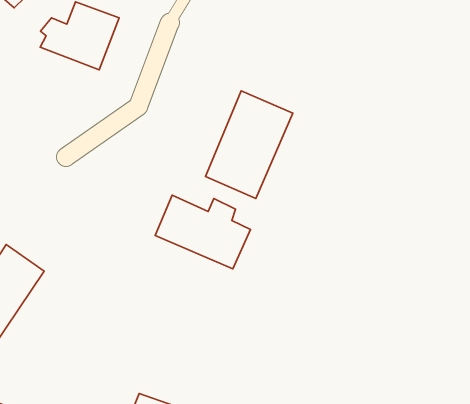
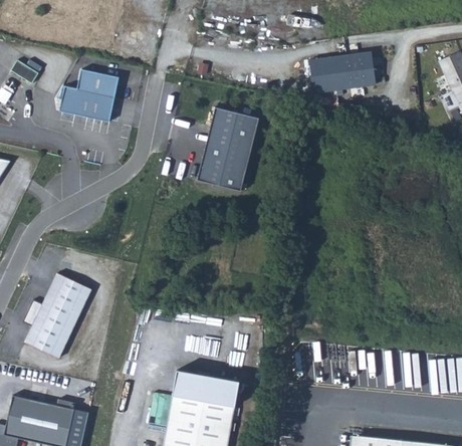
building: none -> [309,49,377,91]
building: [155,195,251,269] -> none

